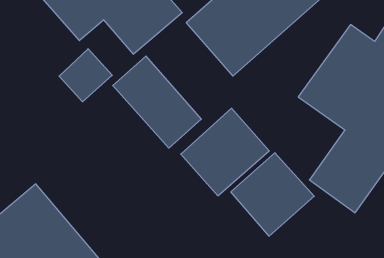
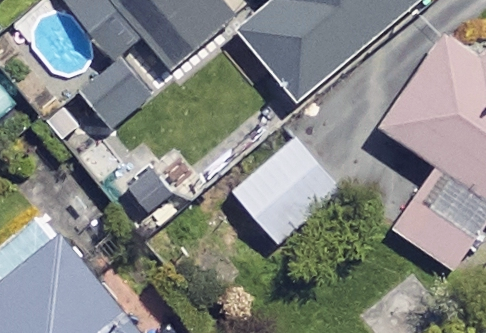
building: [113,56,201,148] -> none
building: [231,153,314,236] -> none

